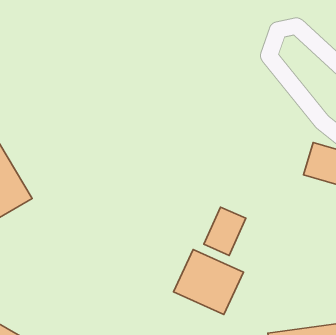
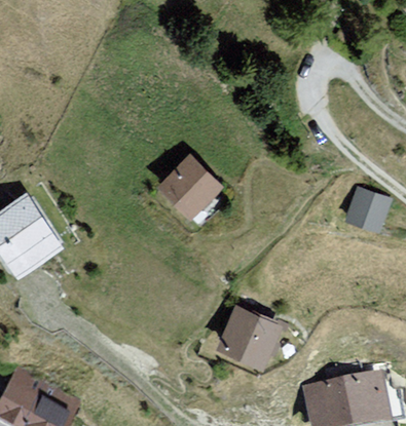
building: none -> [156,155,221,220]
building: [204,207,246,255] -> none

